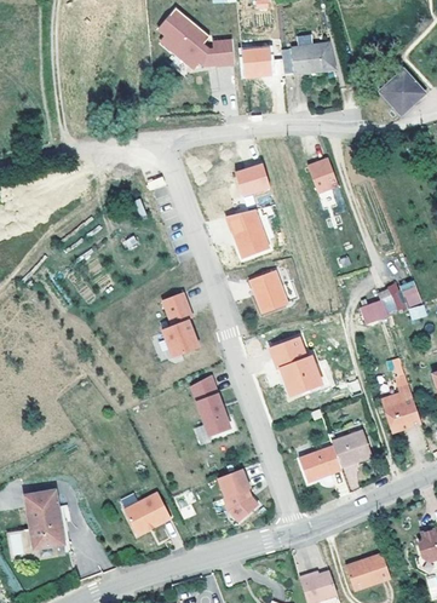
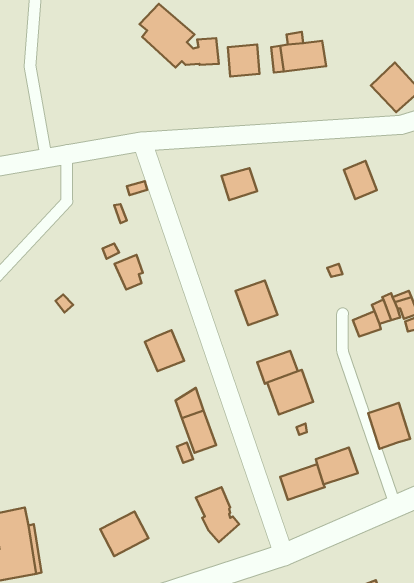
building: [307,157,339,194] -> [344,161,377,199]
building: [228,211,271,260] -> none
building: [165,292,191,325] -> [115,255,143,289]

